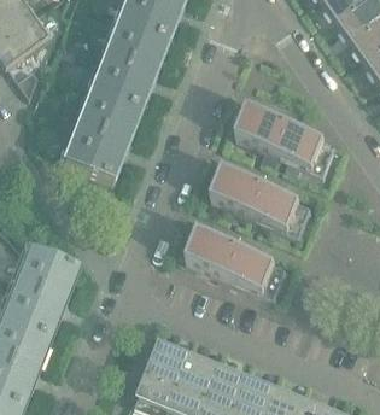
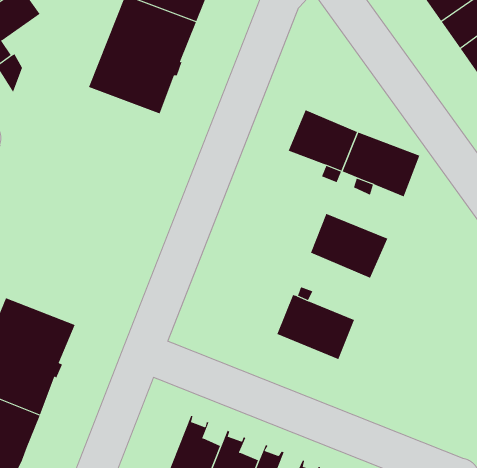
building: [58,92,140,182] -> none
building: [212,170,265,217] -> none
building: [187,233,240,279] -> none

